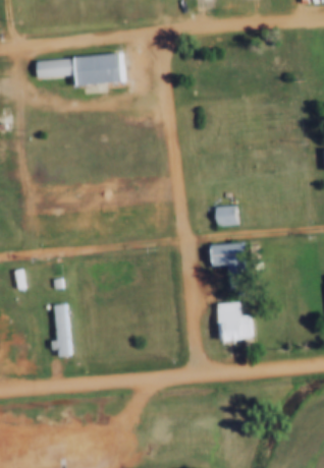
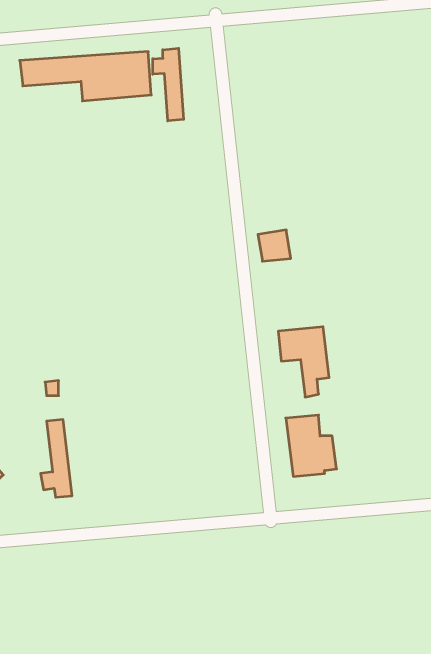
building: none -> [153,48,184,121]
building: [214,203,236,225] -> [258,230,291,261]

